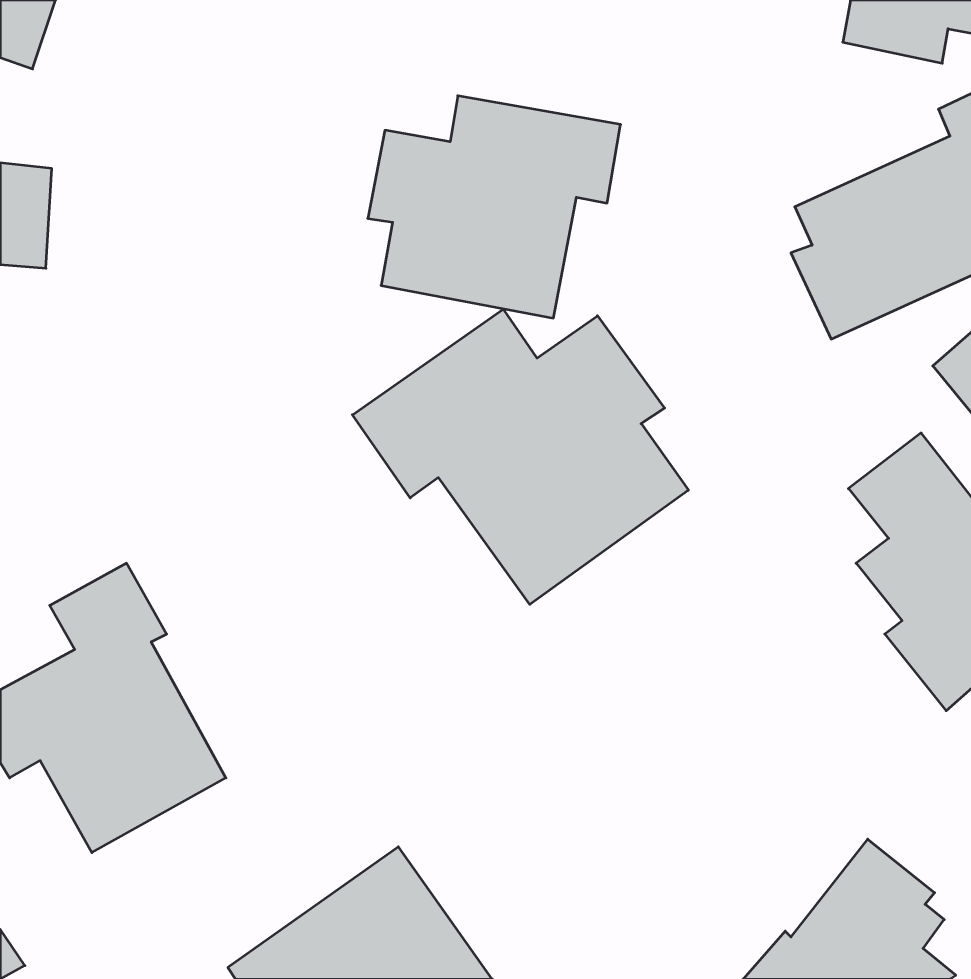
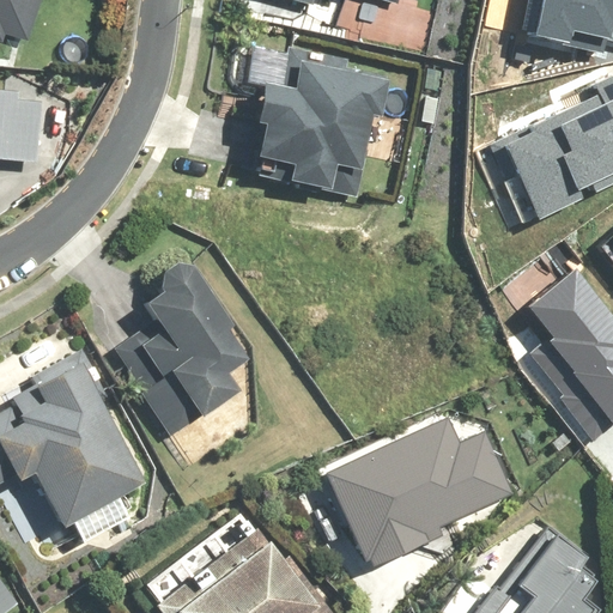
building: [352,309,688,604] -> none
building: none -> [121,260,253,431]
building: none -> [322,424,514,564]

